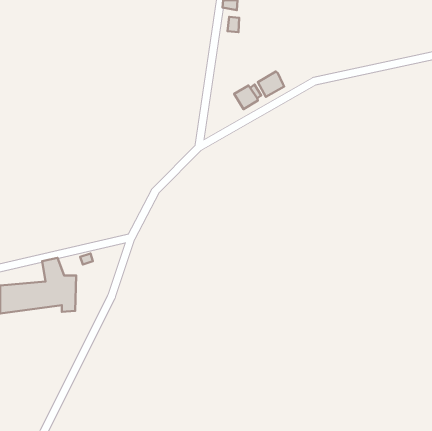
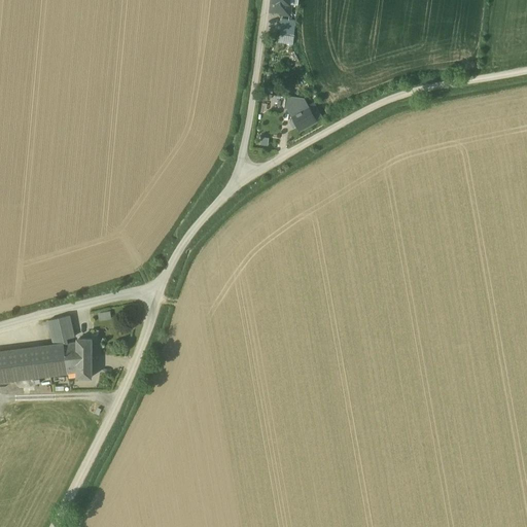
building: [258,72,284,97] -> none

